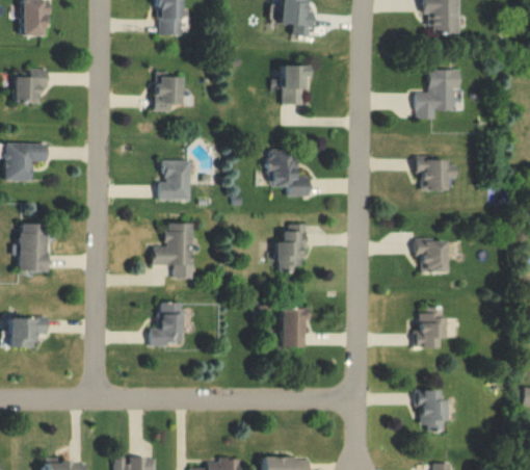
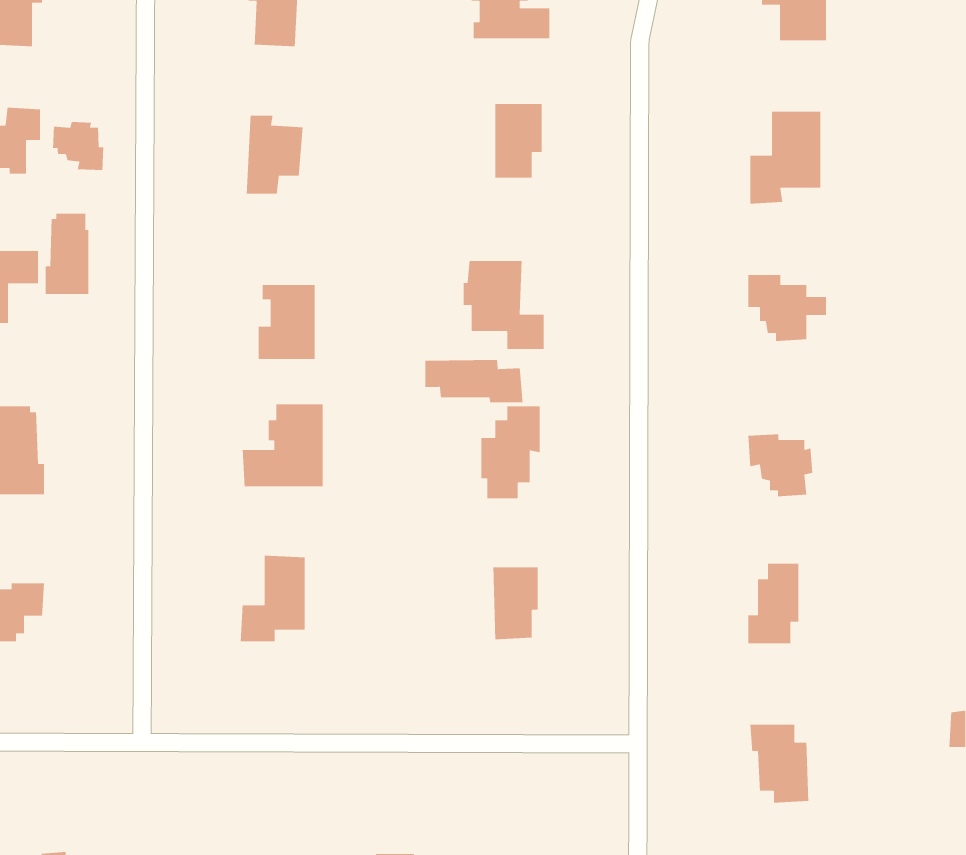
building: none -> [52,121,104,171]
building: none -> [45,213,89,295]
building: none -> [424,359,524,403]

